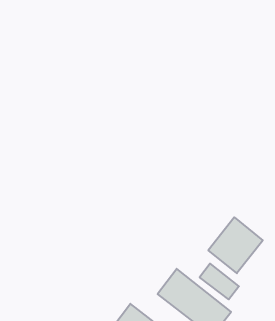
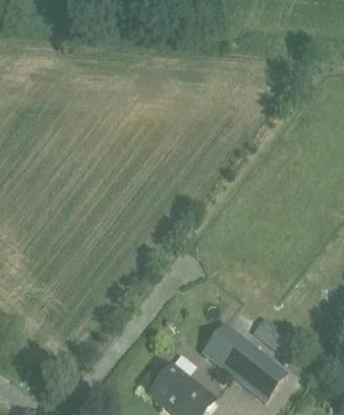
building: [208,217,263,273] -> none

